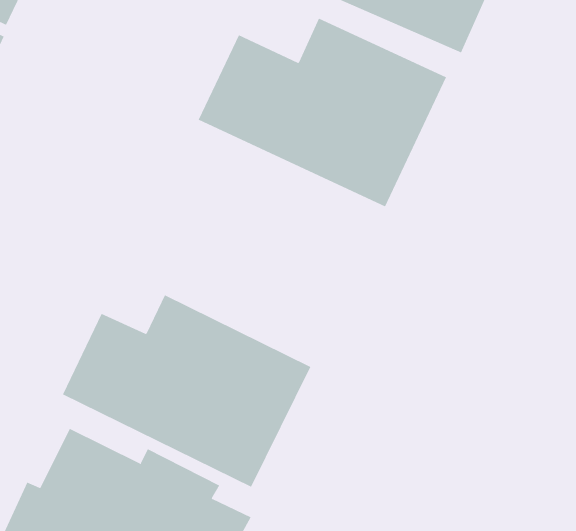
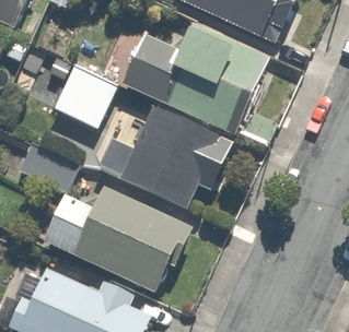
building: none -> [54,63,118,128]
building: none -> [105,105,237,207]

